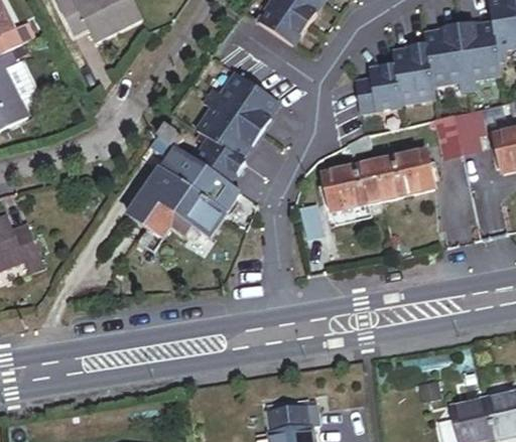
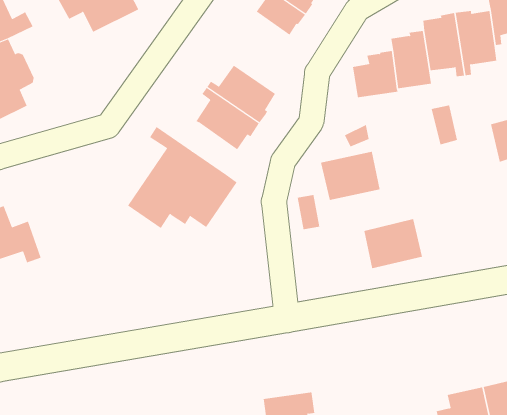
building: [453,110,483,150] -> none
building: [195,133,245,184] -> none
building: [375,149,434,199] -> [363,219,423,269]

